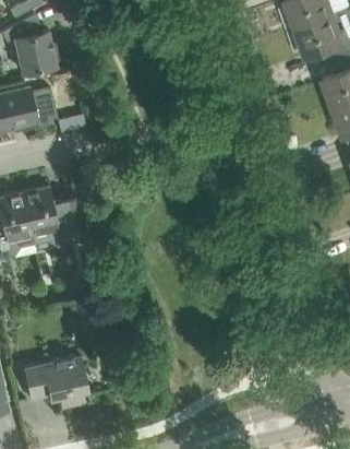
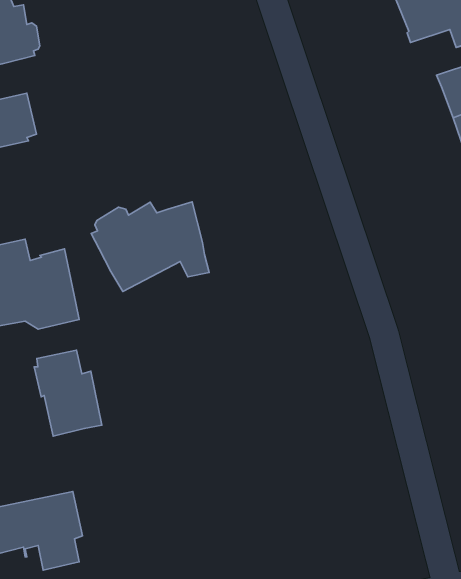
building: none -> [91,202,209,292]
building: none -> [34,350,102,436]

